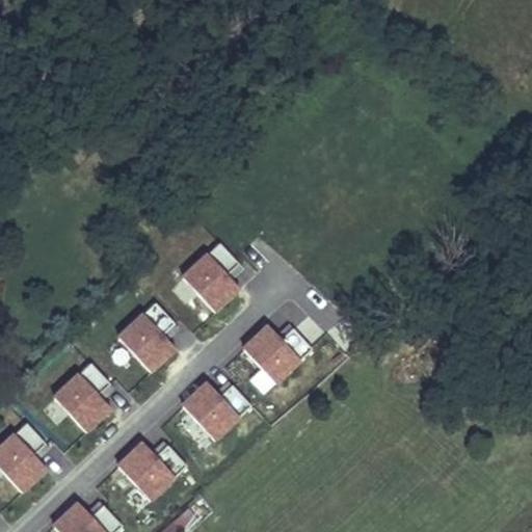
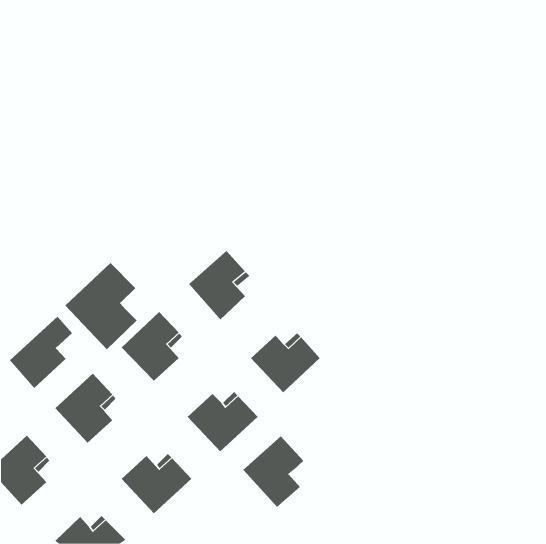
building: none -> [64,262,137,350]
building: none -> [9,316,73,389]
building: none -> [242,435,304,508]

